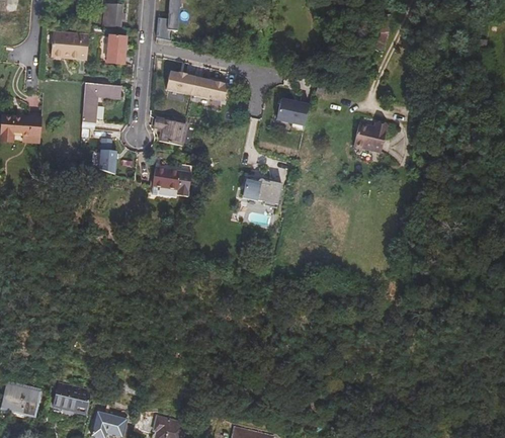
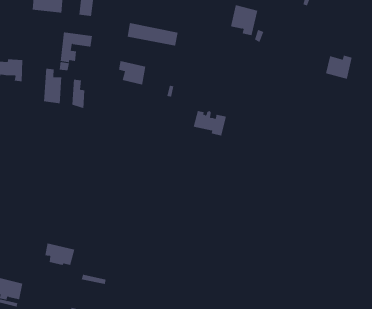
building: [276,98,310,136] -> [230,5,258,36]
building: [354,121,387,151] -> [325,55,352,79]
building: none -> [44,68,62,104]
building: [151,167,189,197] -> none
building: [55,380,91,408] -> [44,243,75,266]

